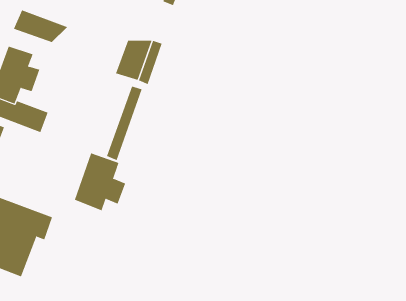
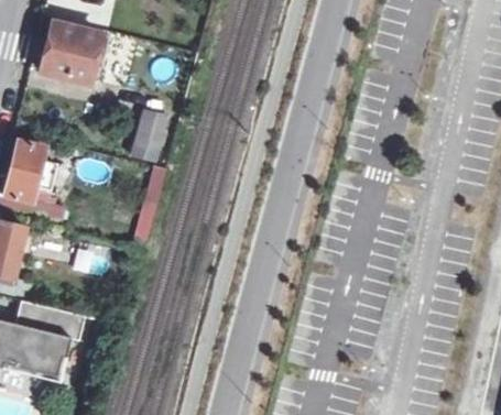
building: [13,10,68,43] -> none
building: [74,153,126,211] -> none

